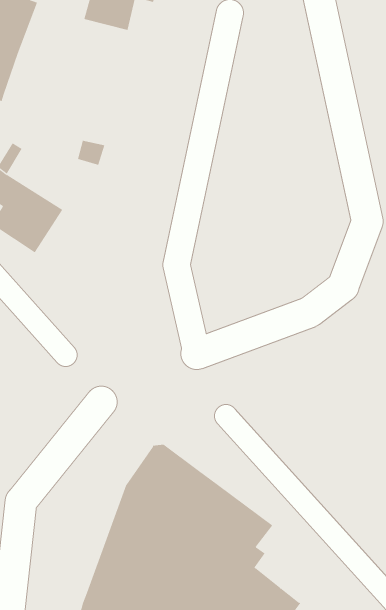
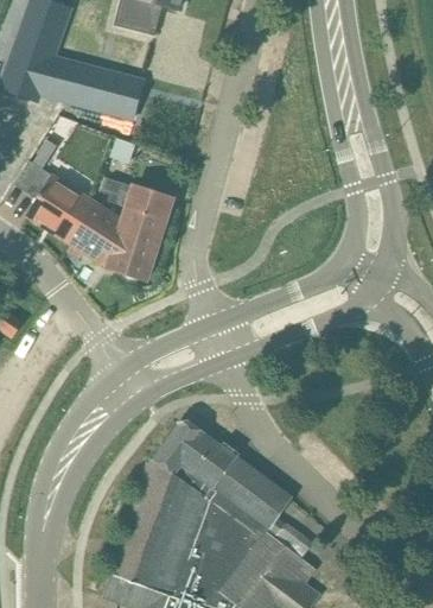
building: none -> [59,62,144,120]
building: none -> [69,178,172,280]

